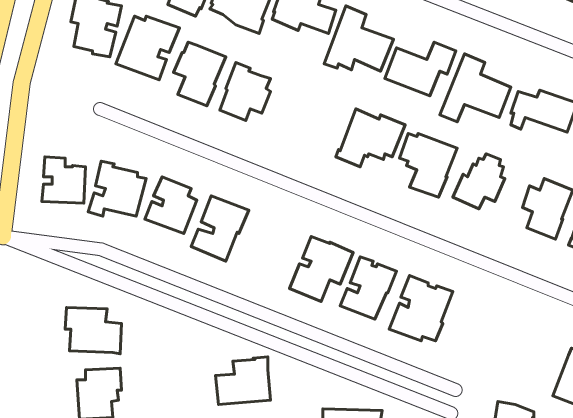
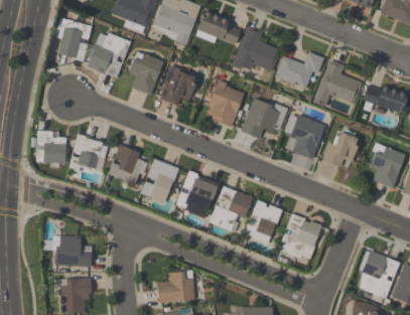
building: none -> [208,78,244,127]
building: none -> [175,171,217,218]
building: none -> [359,251,399,303]

